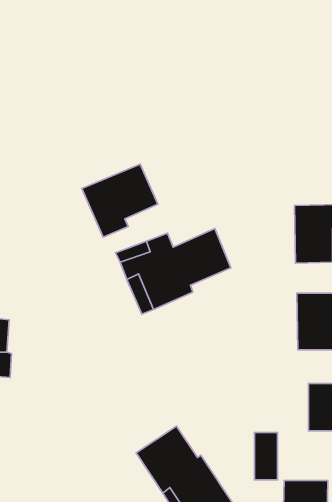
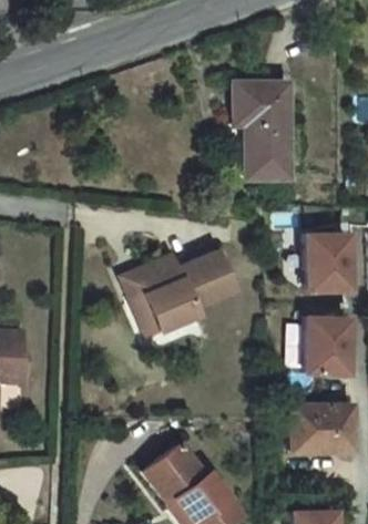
building: none -> [245,86,300,182]
building: [82,164,158,237] -> none
building: [254,432,278,480] -> [289,405,311,451]

